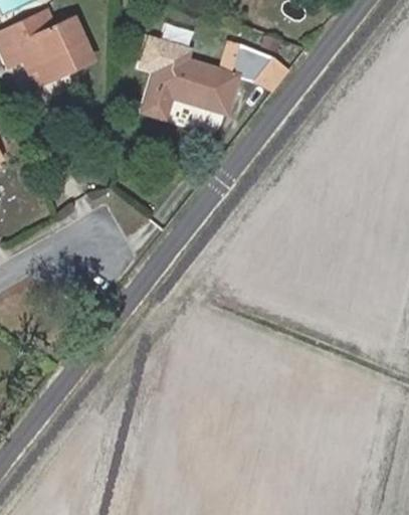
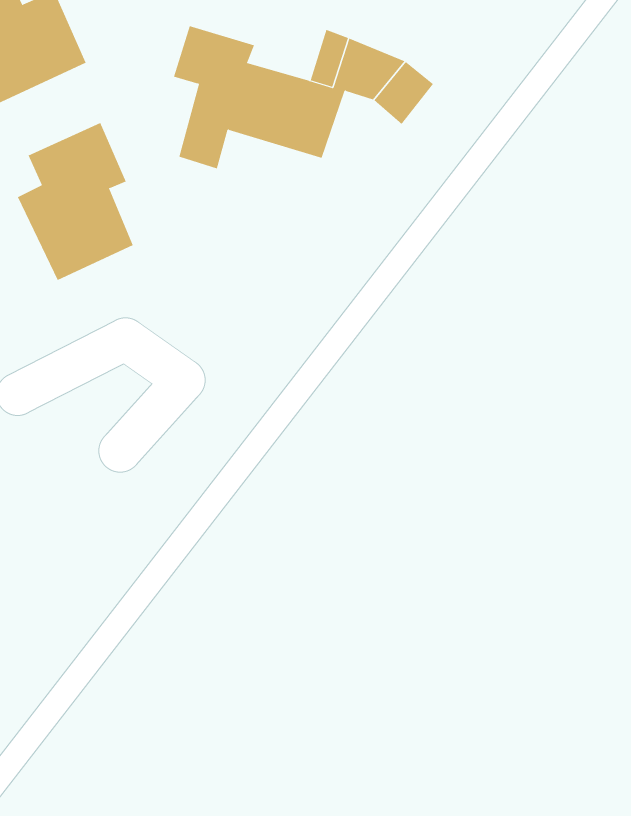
building: none -> [17,122,133,281]

